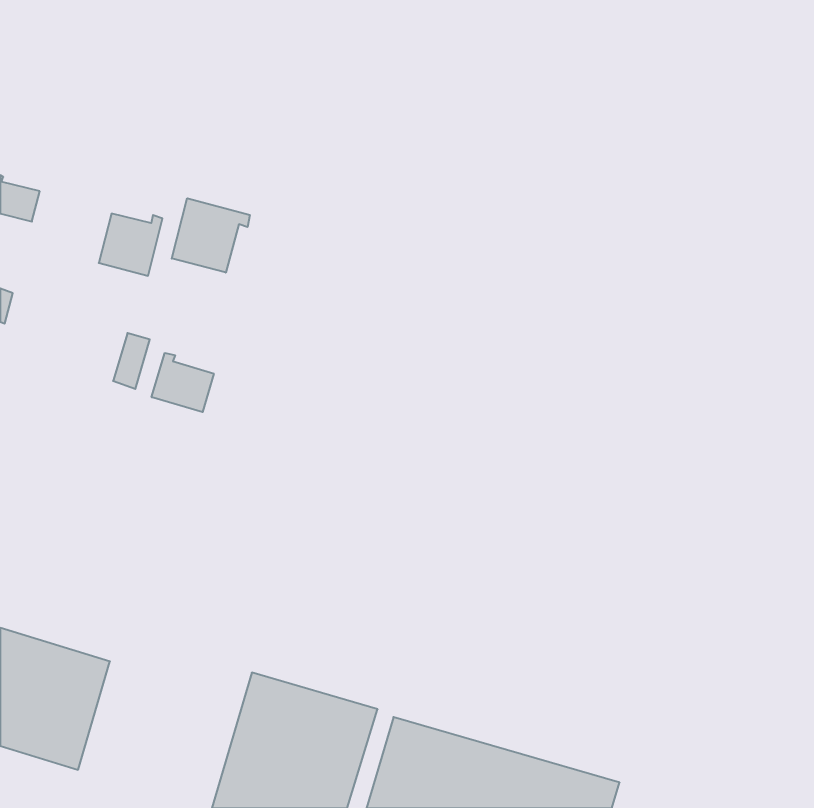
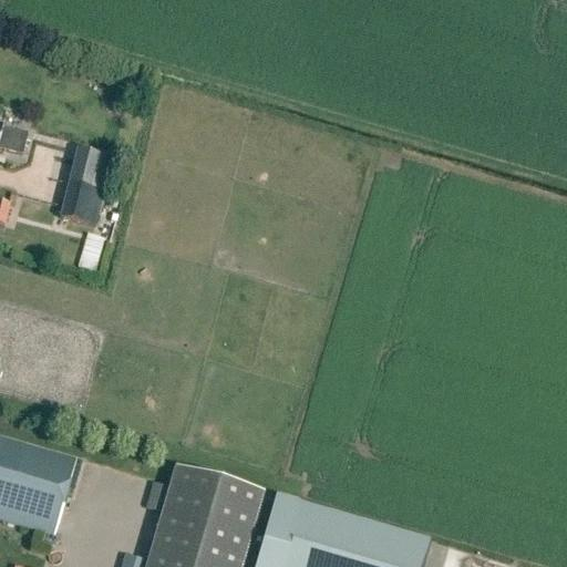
building: [172,198,250,273] -> none
building: none -> [60,183,103,226]
building: [152,353,214,412] -> none

